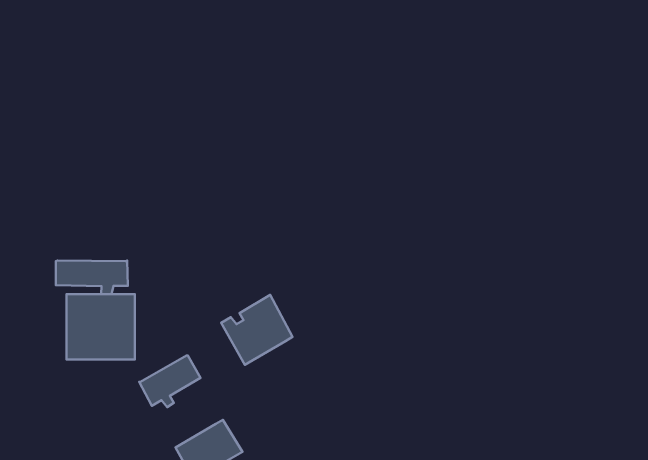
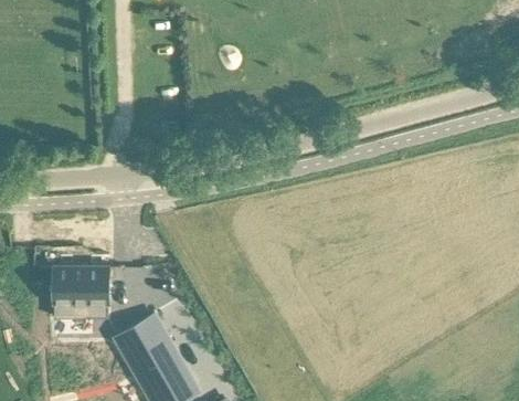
building: [56,260,128,294] -> none
building: [221,295,292,365] -> [125,328,181,383]

